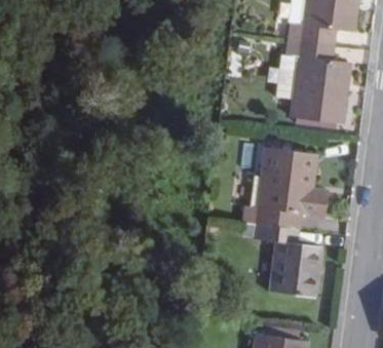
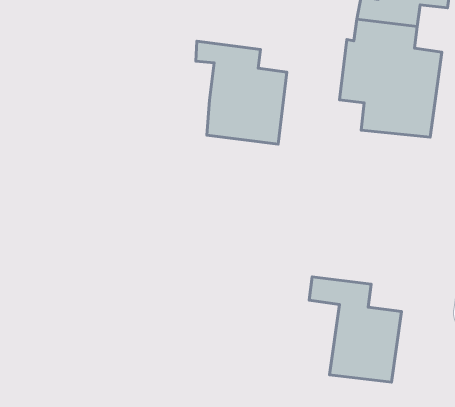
building: none -> [196,41,287,144]
building: [244,148,328,227] -> none

